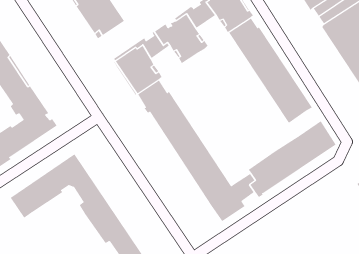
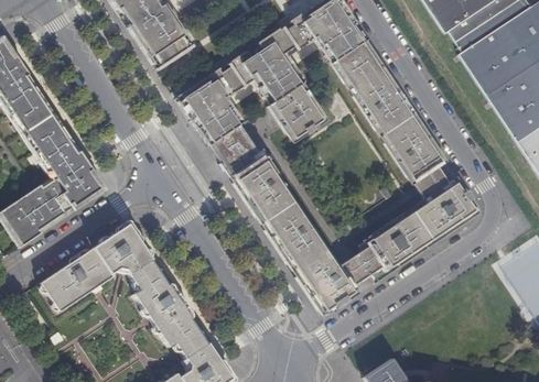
building: none -> [271,84,326,140]
building: none -> [416,166,452,200]

